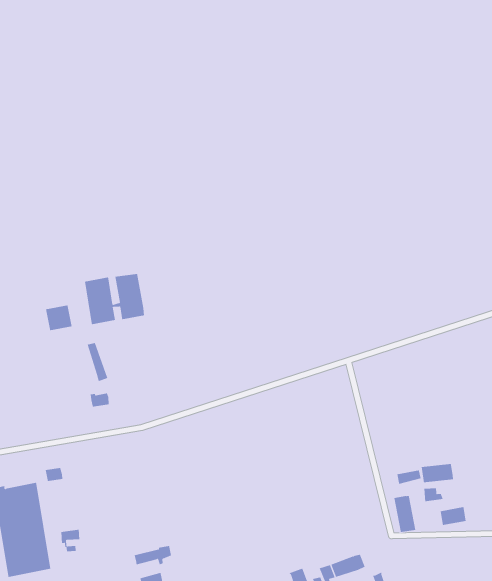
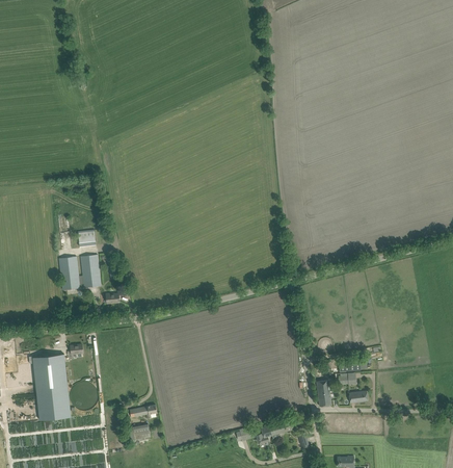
building: [84,274,145,325] -> [59,255,101,289]

